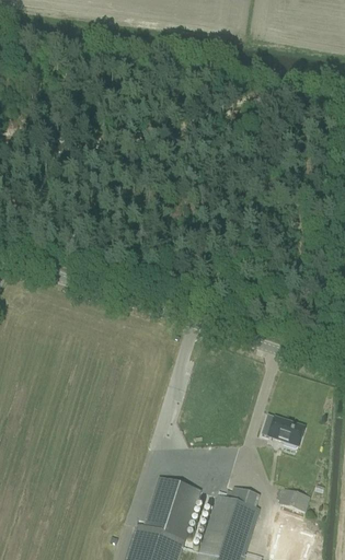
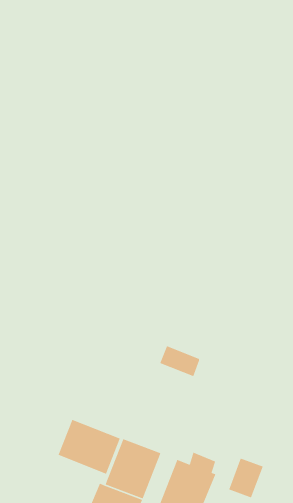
building: [261,415,303,446] -> [159,345,200,377]
building: none -> [57,419,121,475]

